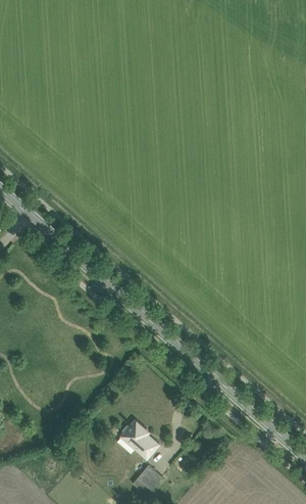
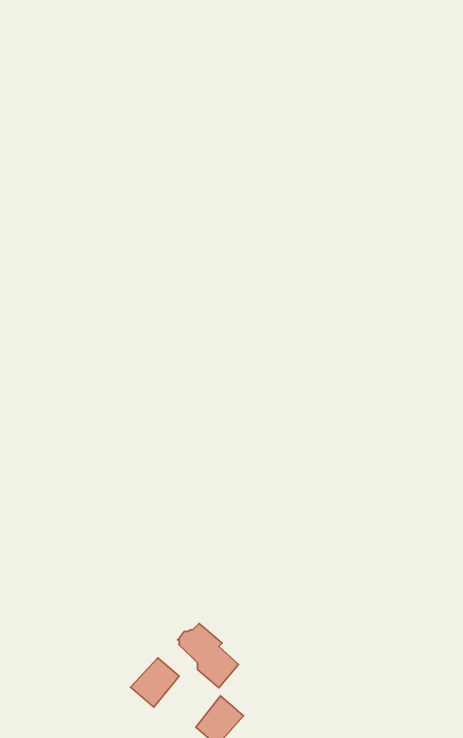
building: none -> [131,658,179,707]

